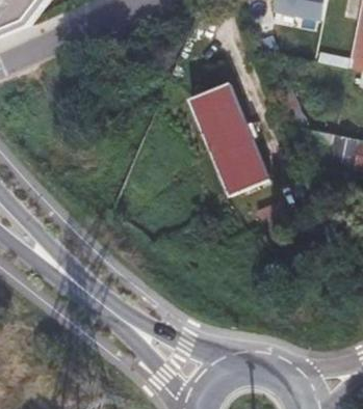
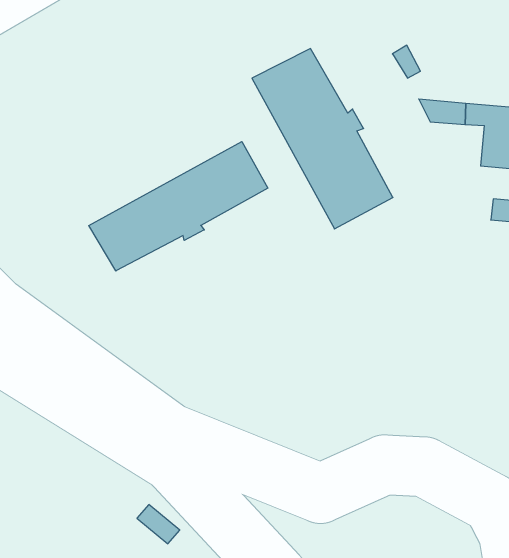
building: none -> [89,142,268,271]

